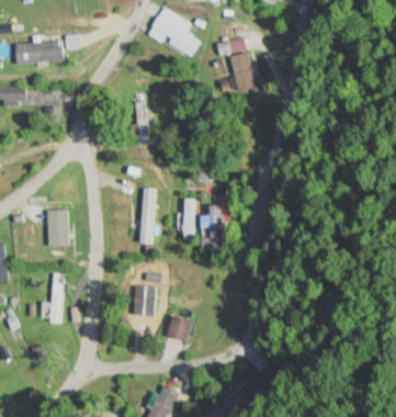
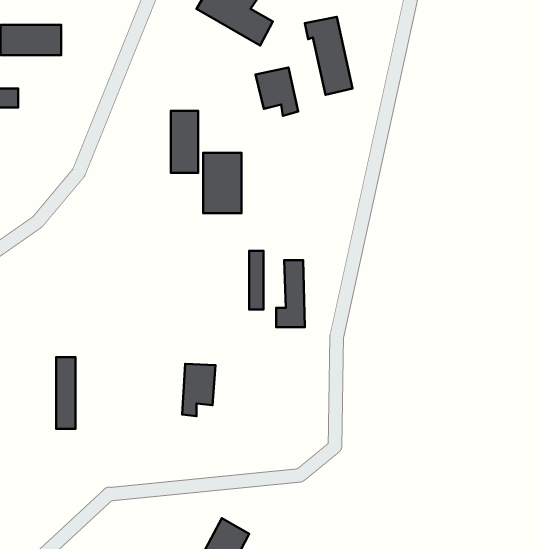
building: none -> [255,67,298,116]
building: [133,198,159,239] -> [203,153,241,213]
building: [45,204,67,246] -> none
building: [165,316,190,342] -> none

